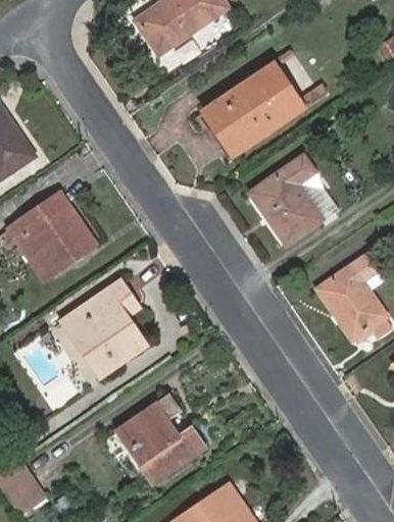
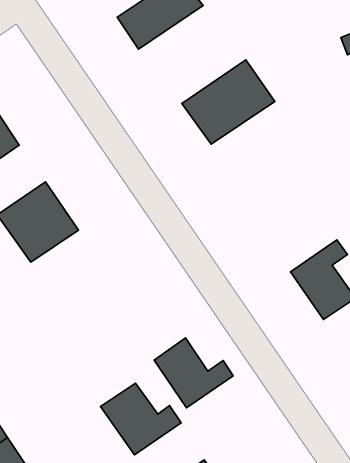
building: [250,156,322,244] -> none
building: [61,281,144,376] -> none
building: none -> [154,338,233,408]

